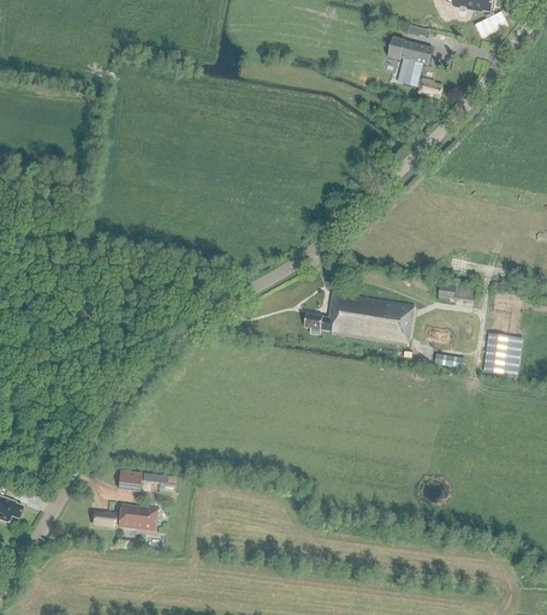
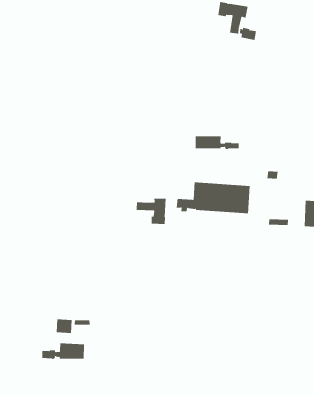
building: none -> [195,136,239,150]
building: none -> [136,198,166,225]

